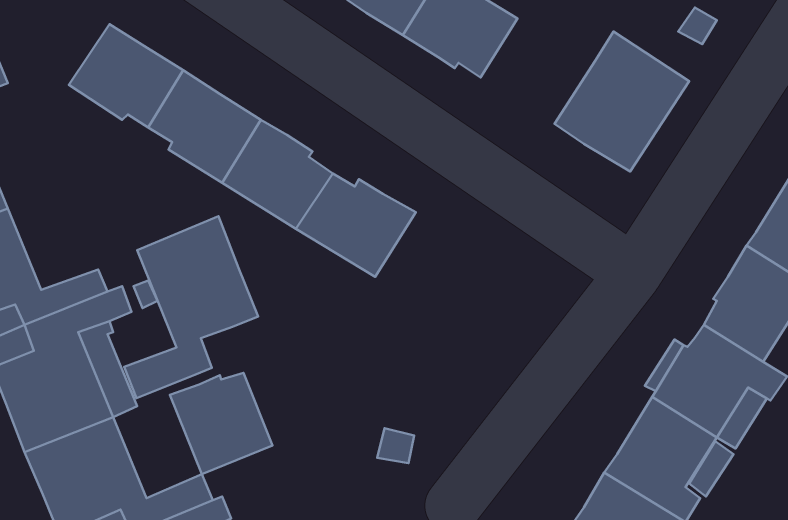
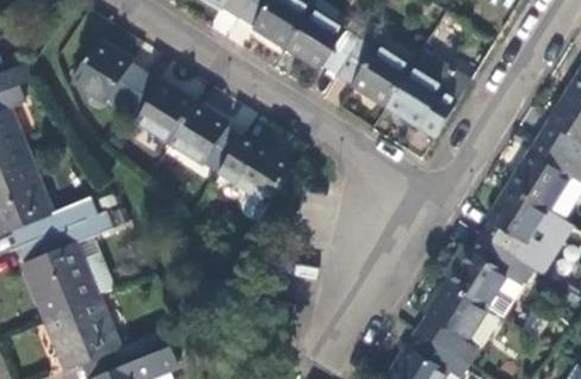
building: none -> [336,38,410,106]
building: [124,216,258,398] -> none
building: [170,373,272,474] -> none

